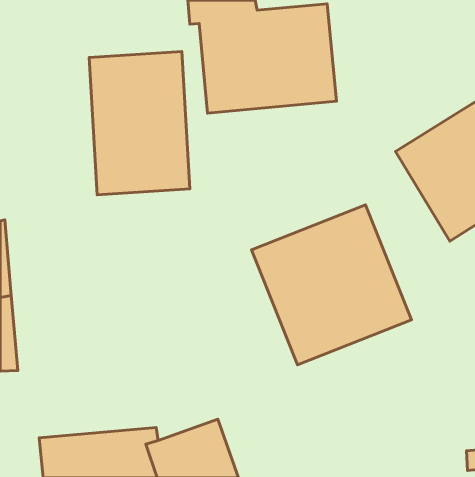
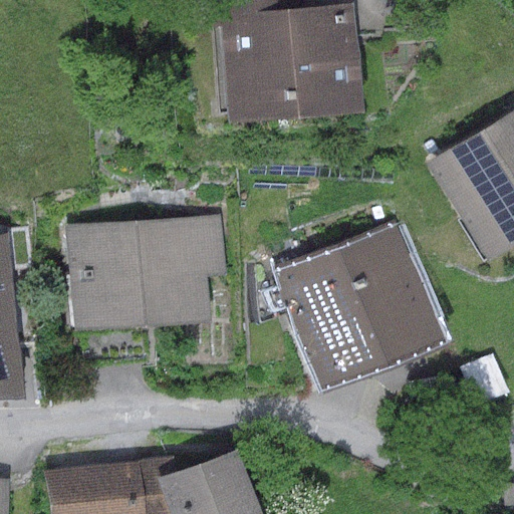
building: [89,52,190,195] -> none
building: none -> [66,218,226,330]

